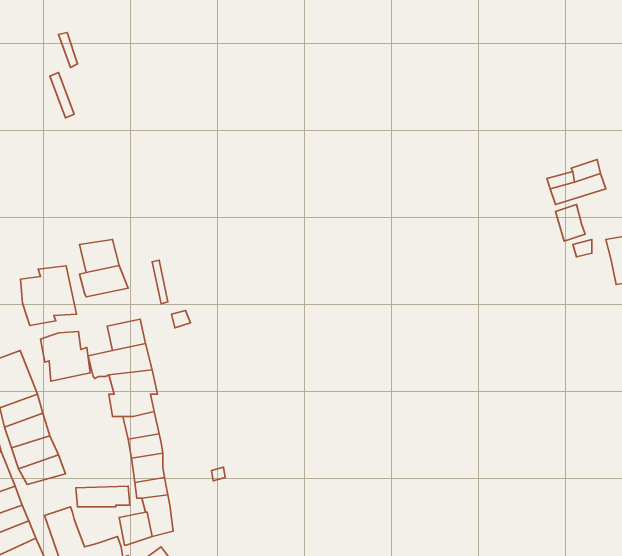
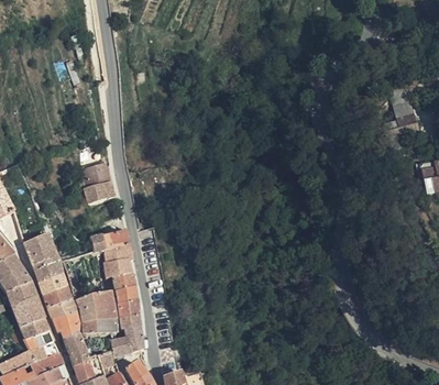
building: [20,266,76,326] -> none
building: [41,331,90,381] -> none
building: none -> [78,290,117,320]
building: none -> [53,311,80,339]

